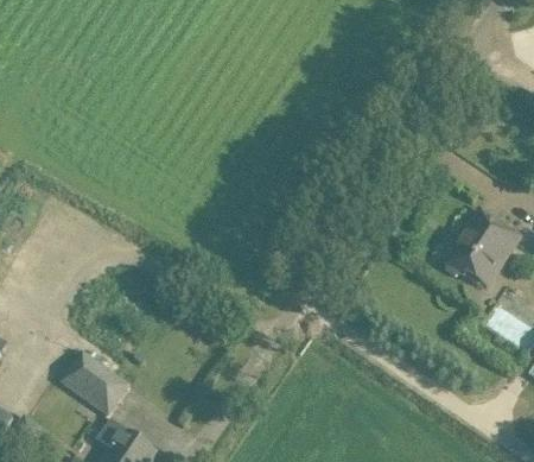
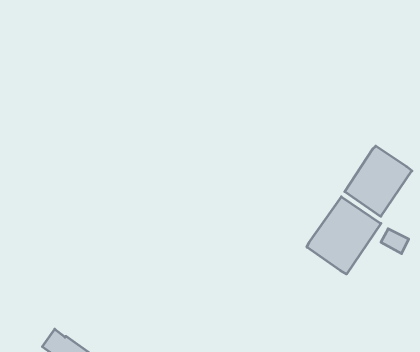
building: none -> [307,197,381,274]
building: [58,350,127,414] -> none

